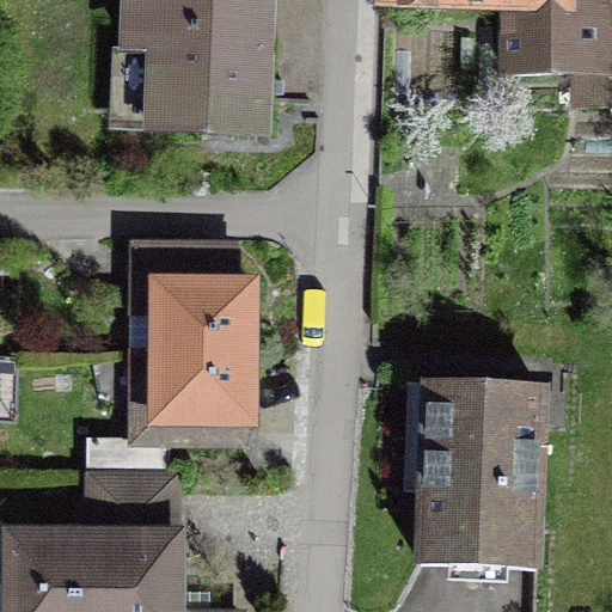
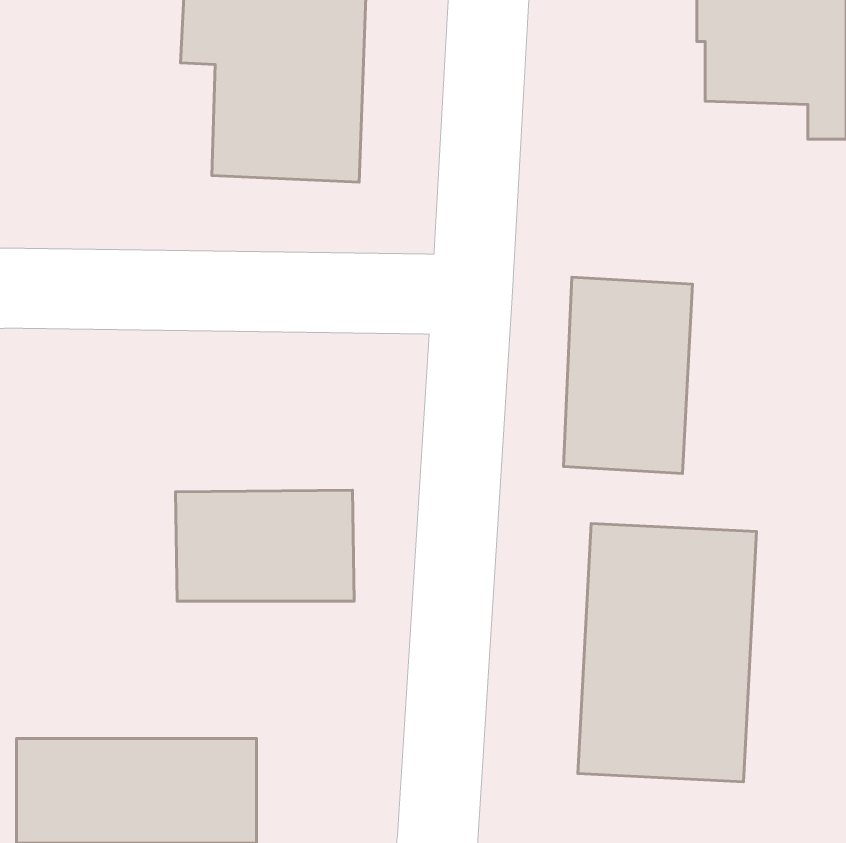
building: none -> [563,277,692,473]
building: [127,274,255,355] -> none

